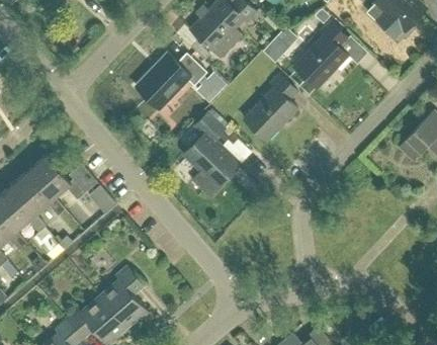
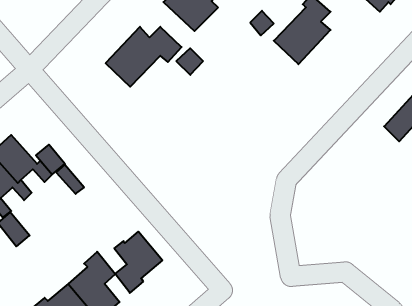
building: [244,75,297,141] -> none
building: [183,111,241,196] -> none
building: none -> [114,232,162,293]

